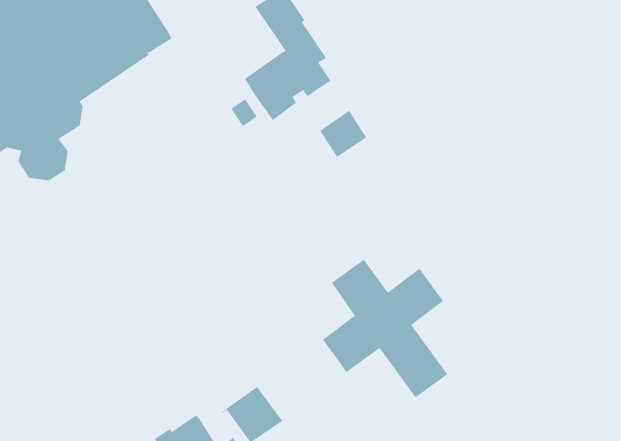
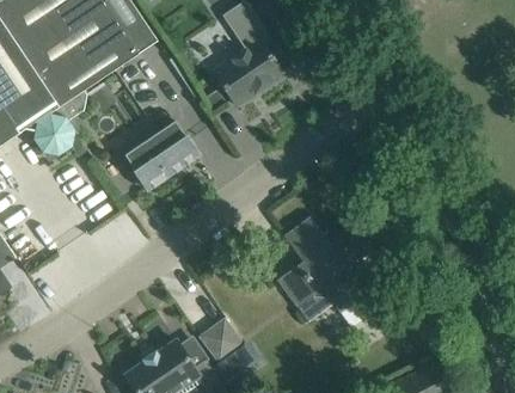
building: [320,110,367,160] -> none
building: none -> [123,119,198,189]

